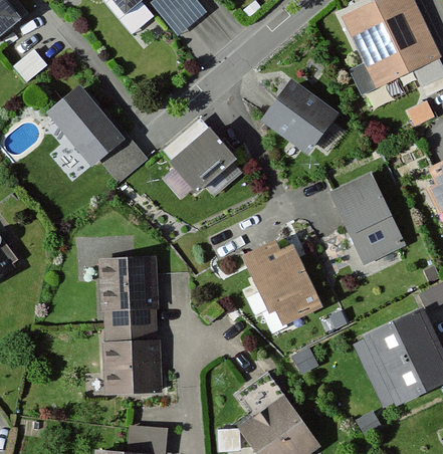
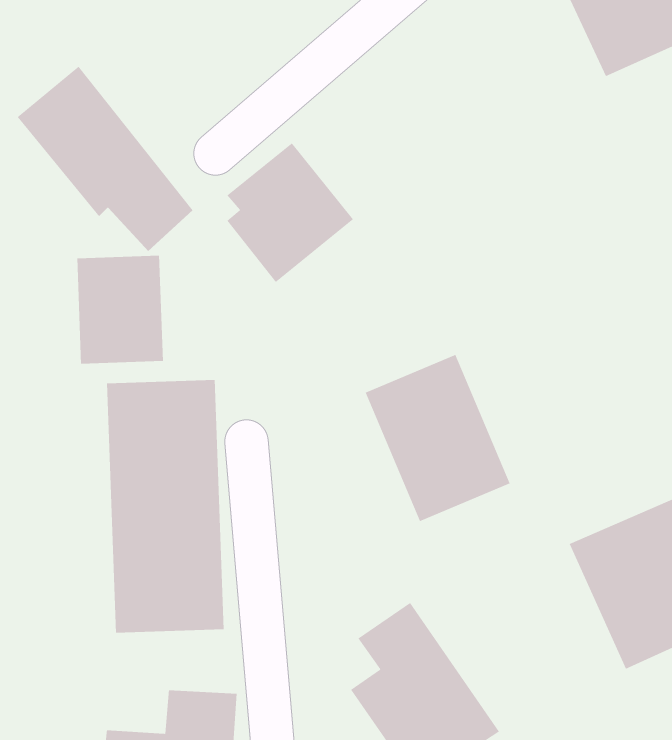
building: [259,80,339,158] -> none
building: [326,172,406,266] -> none
building: none -> [77,255,163,365]

